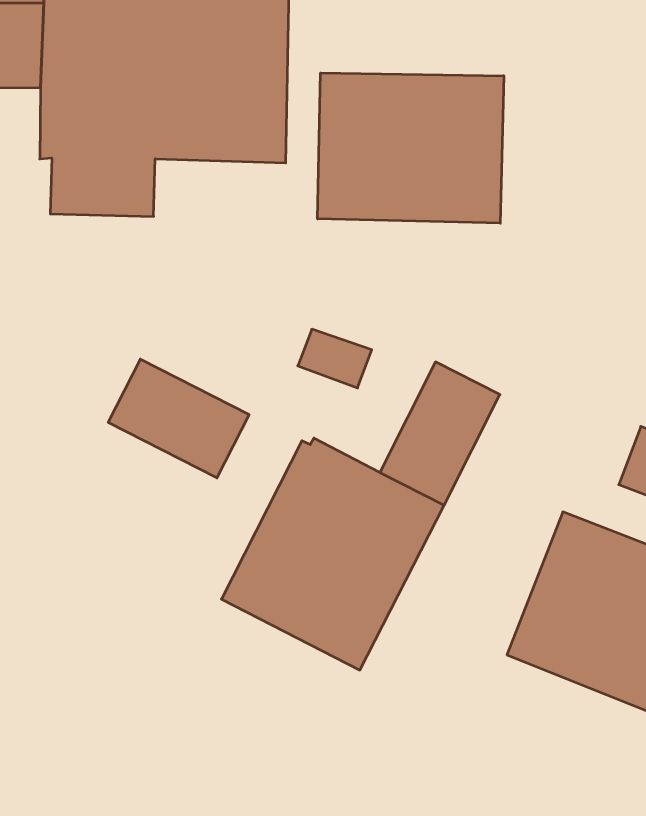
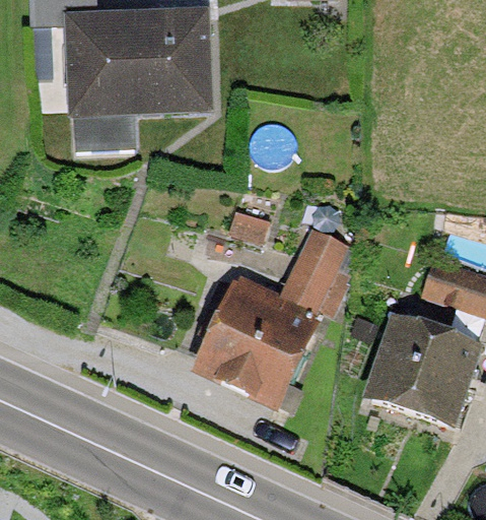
building: [318,73,504,223] -> none
building: [108,359,249,478] -> none

